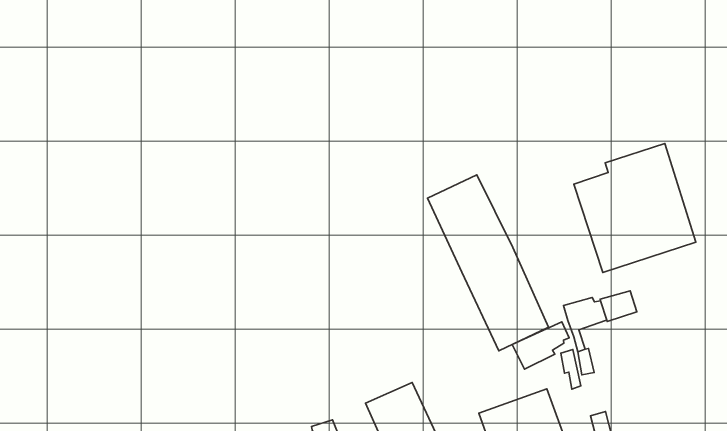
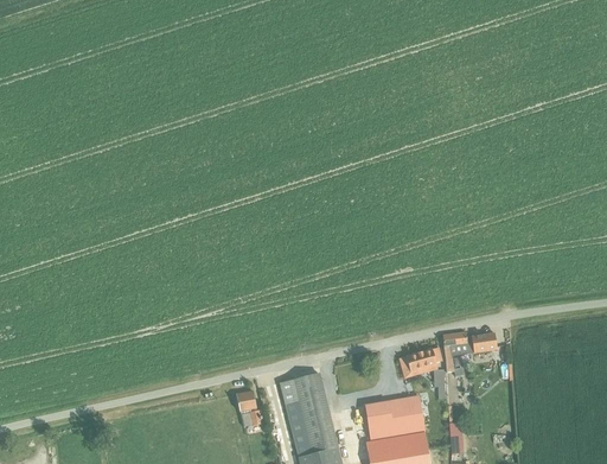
building: [574,144,696,273] -> none
building: [427,175,548,351] -> none

